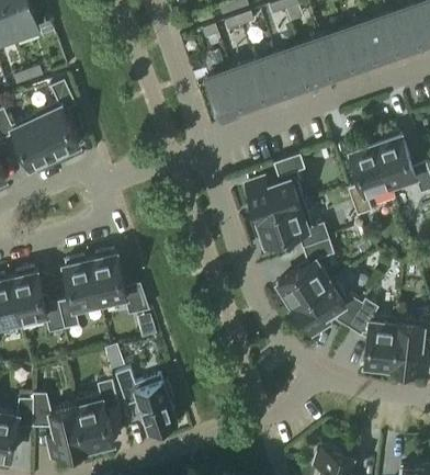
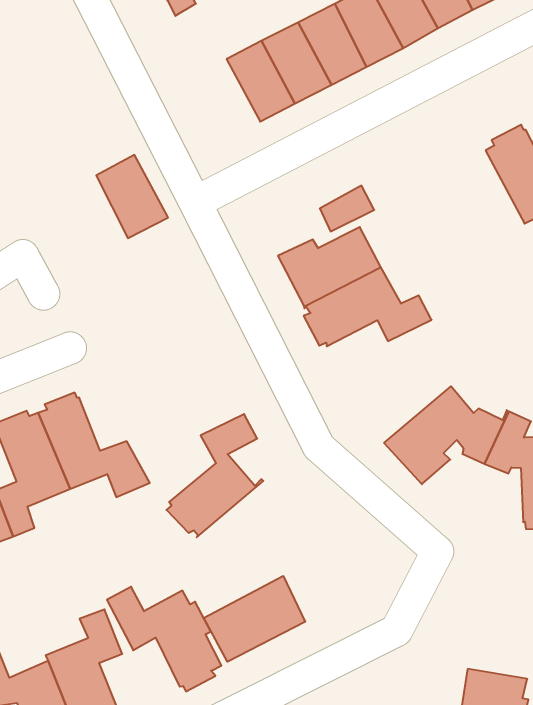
building: [207,69,246,117] -> [96,155,168,238]
building: [348,143,392,216] -> none
building: [275,239,335,307] -> [166,414,263,537]
building: none -> [204,576,305,662]

